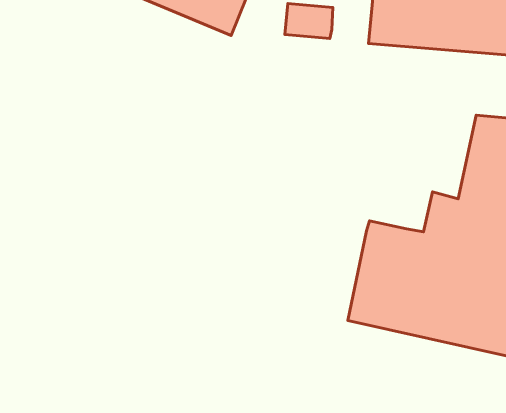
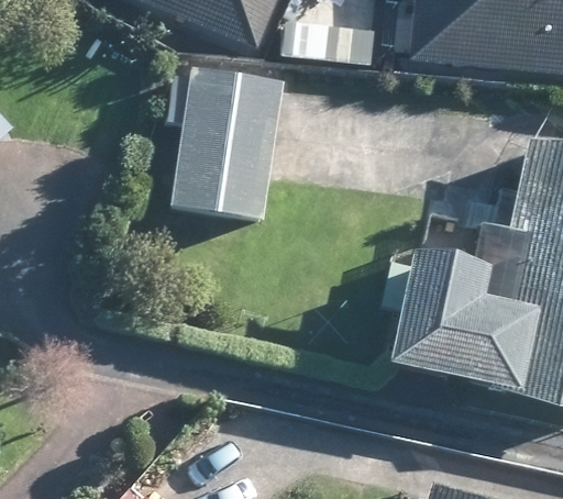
building: none -> [166,64,283,215]

